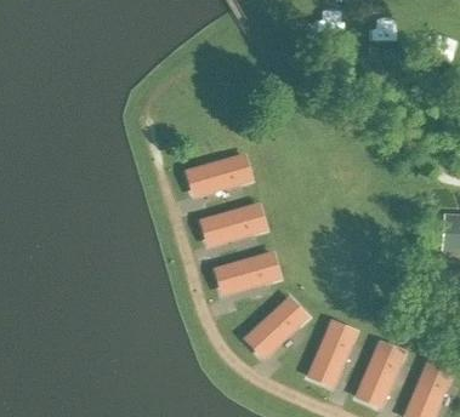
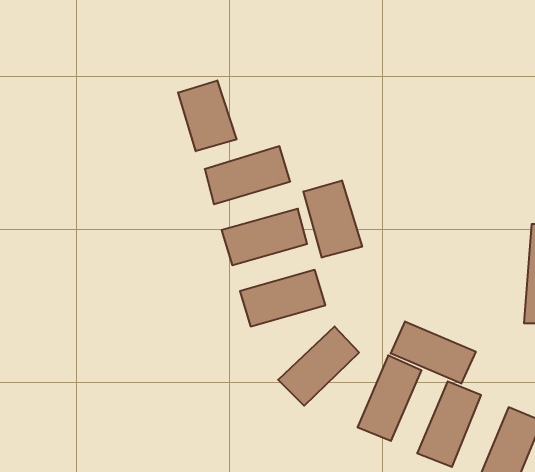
building: none -> [178,80,237,151]
building: none -> [303,180,362,258]
building: none -> [391,321,476,384]

